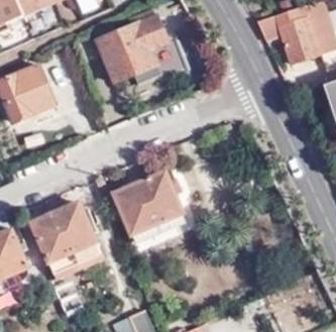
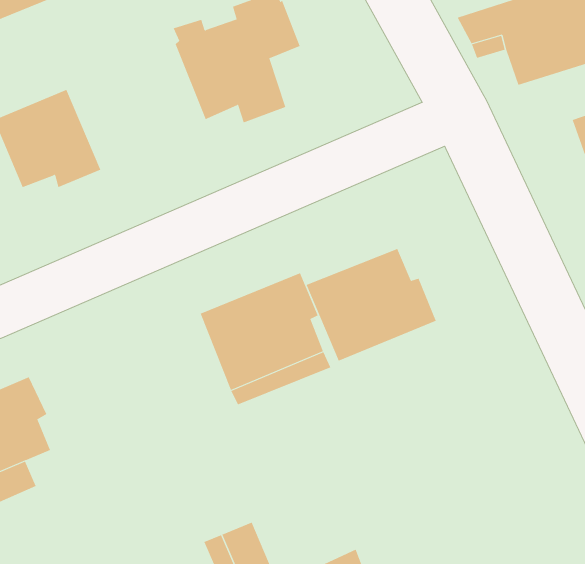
building: none -> [306,248,436,361]
building: [31,202,98,269] -> none

